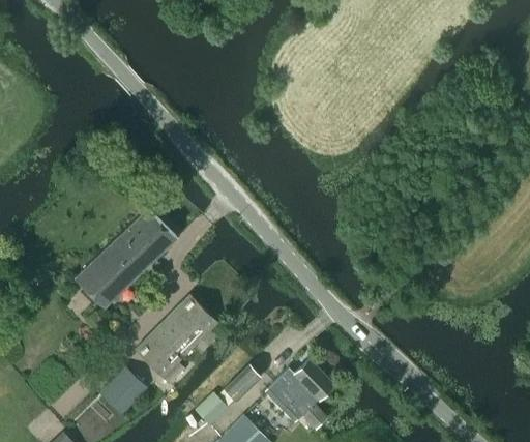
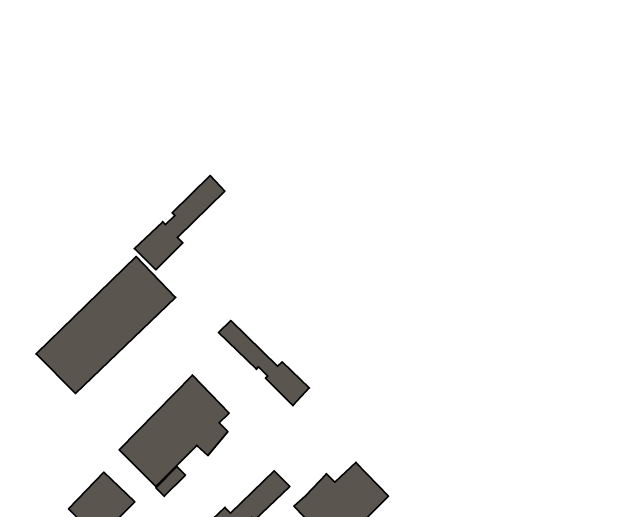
building: none -> [134,176,225,270]
building: none -> [219,321,309,406]

